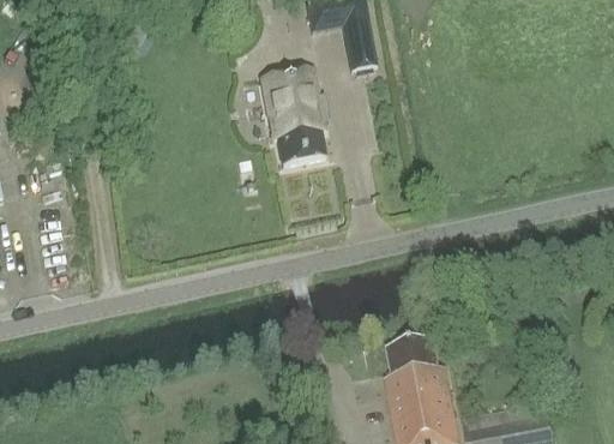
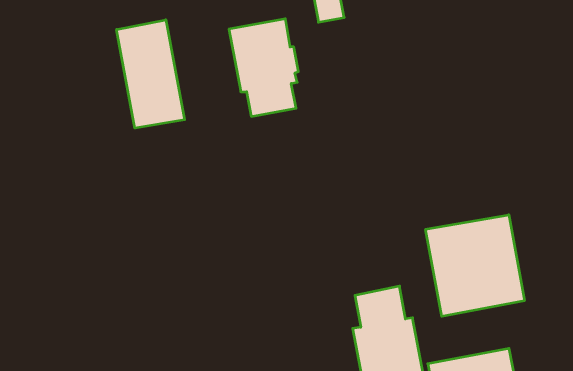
building: none -> [117,20,185,128]
building: none -> [426,215,524,316]

